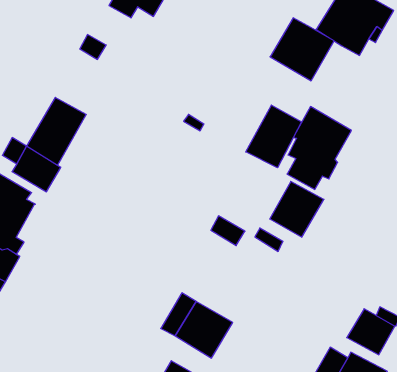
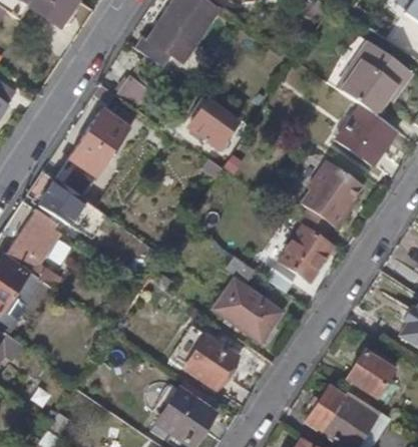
building: [270,18,334,81] -> [335,103,396,163]
building: none -> [189,101,237,147]
building: none -> [86,107,131,152]
building: [246,105,301,168] -> none
building: none -> [214,281,280,340]

